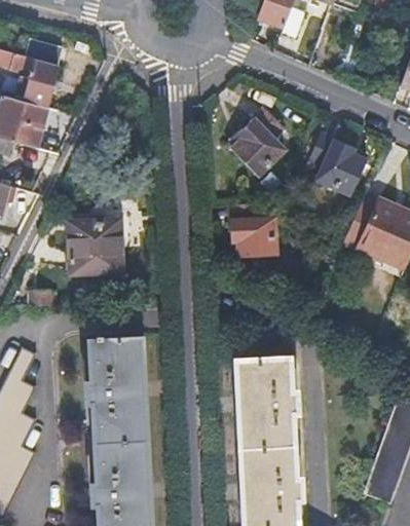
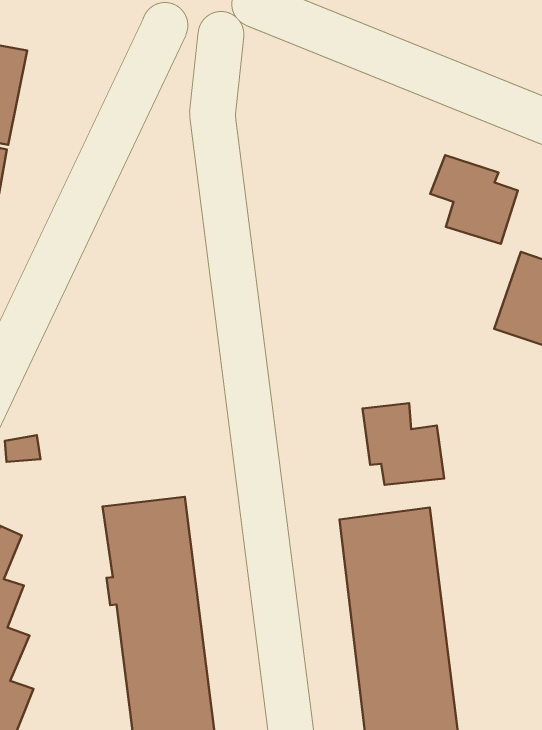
building: [228,108,283,175] -> none
building: [227,202,275,253] -> [362,403,444,485]
building: [67,221,122,277] -> none

